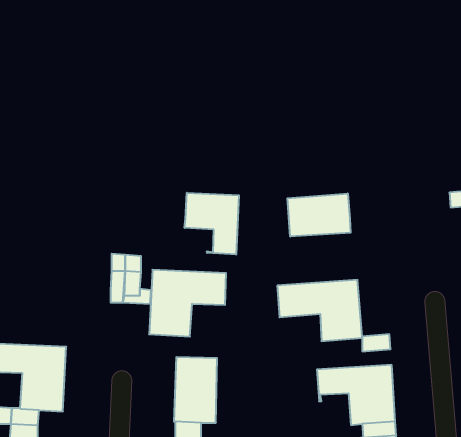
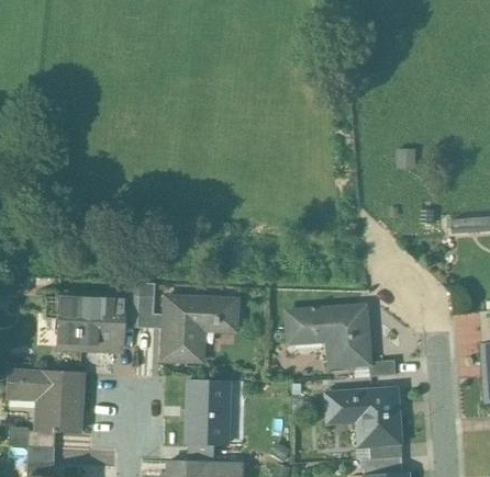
building: [185,193,239,255] -> none
building: [287,193,351,237] -> none
building: none -> [59,295,119,350]

